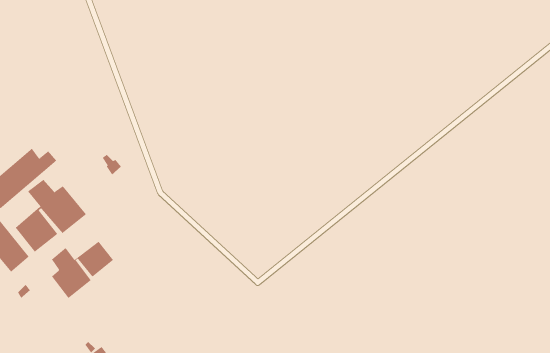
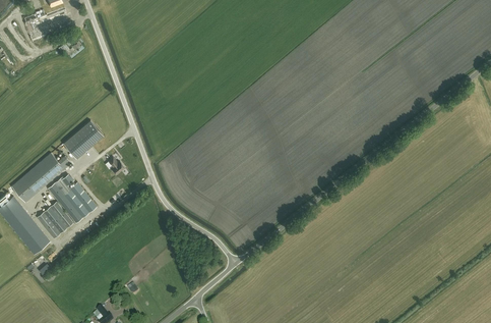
building: none -> [63,119,104,158]
building: [51,241,114,299] -> none

